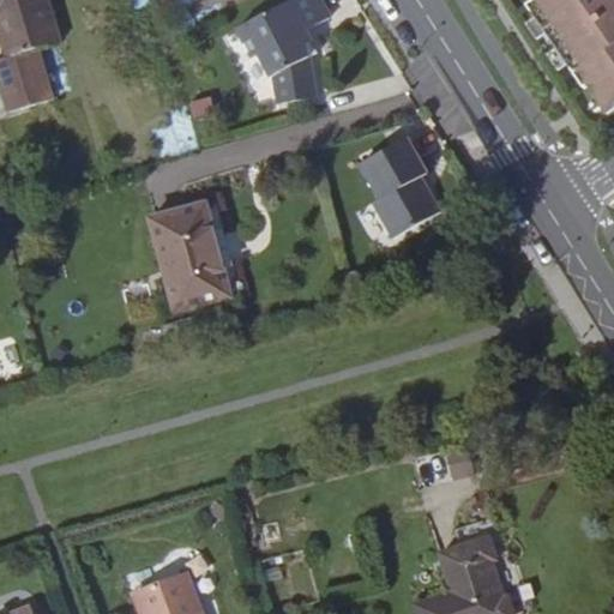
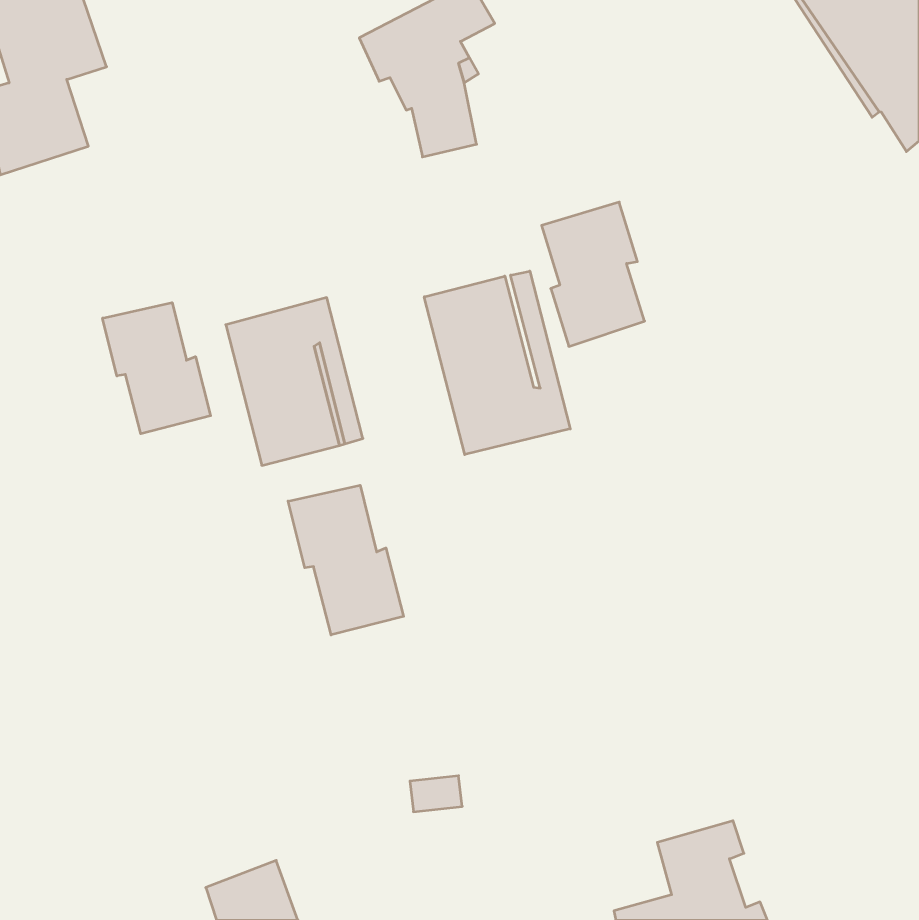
building: none -> [424,271,570,455]
building: none -> [103,303,211,434]
building: none -> [288,485,404,635]

